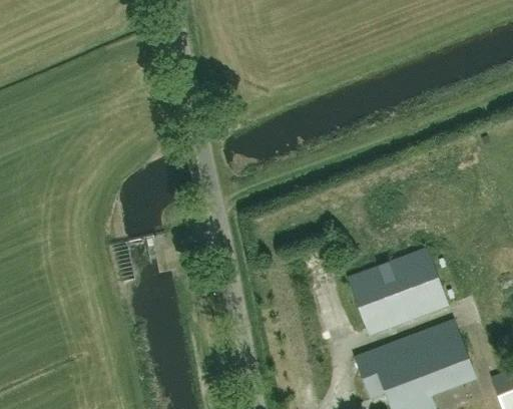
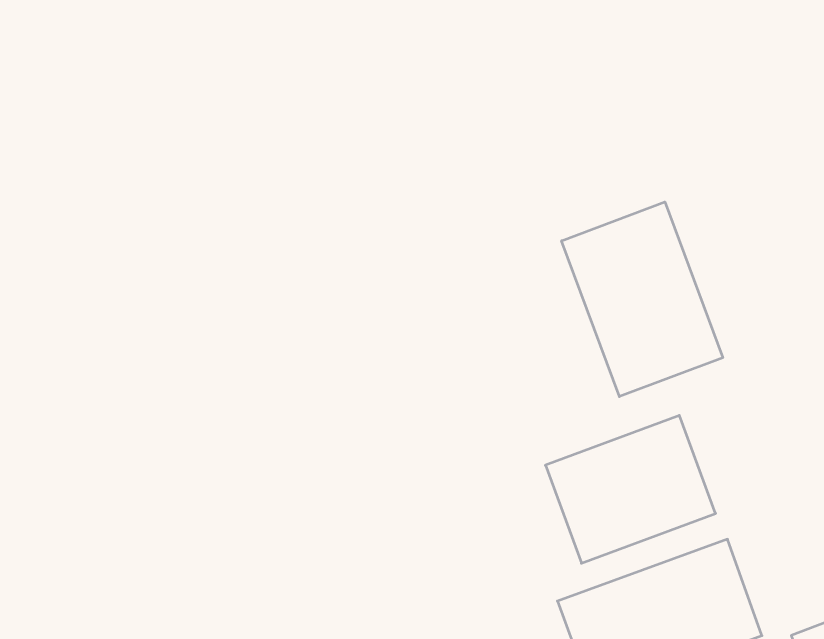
building: none -> [562,202,723,397]

